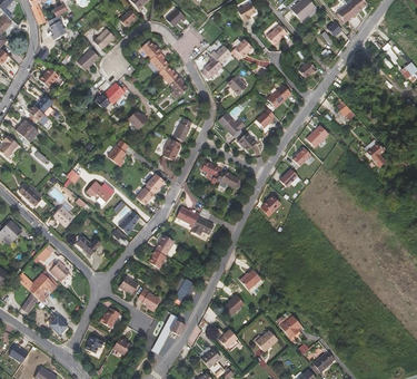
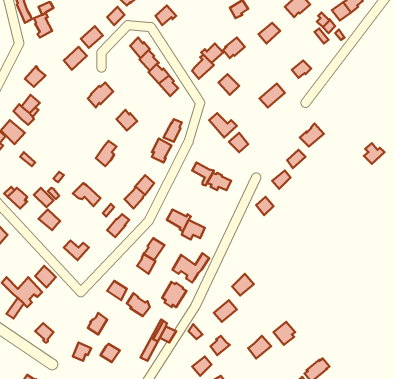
building: none -> [172,253,209,283]

